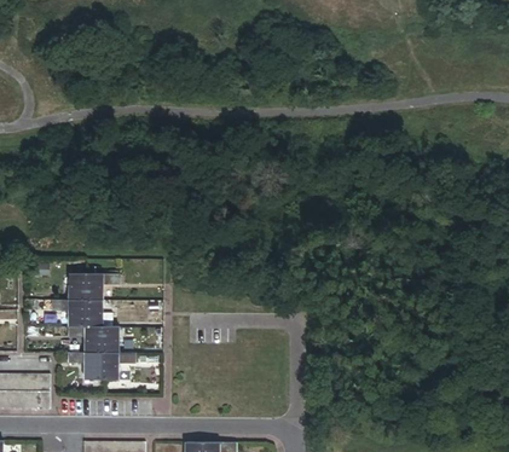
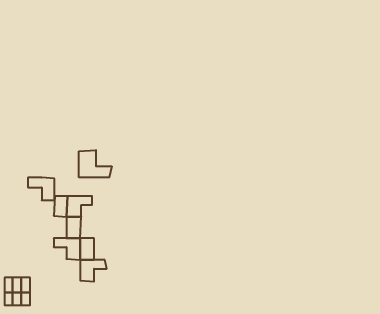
building: none -> [79,150,112,177]
building: [51,299,83,326] -> [28,178,54,200]
building: [66,352,100,378] -> none

